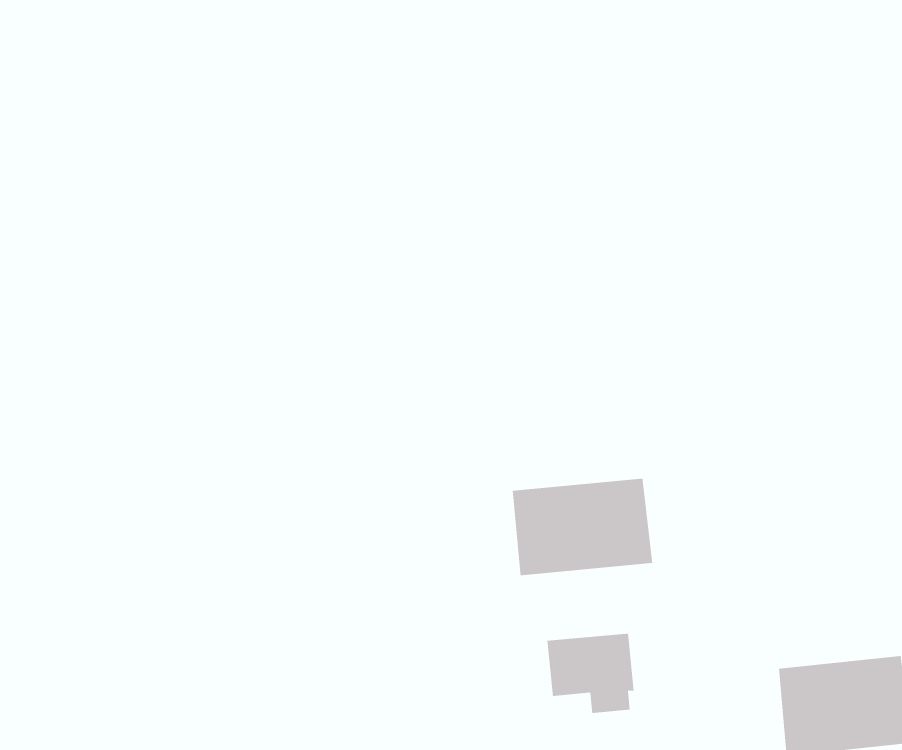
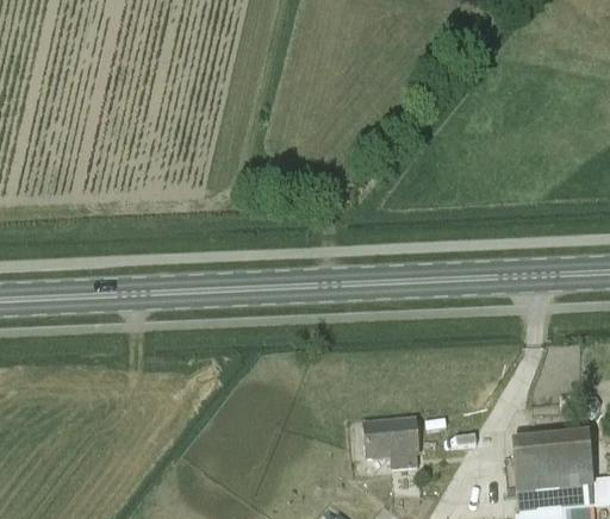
building: [512,478,653,576] -> none

